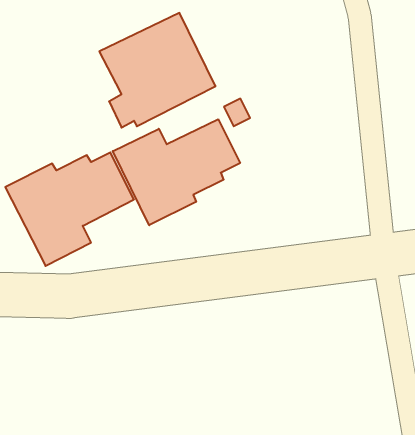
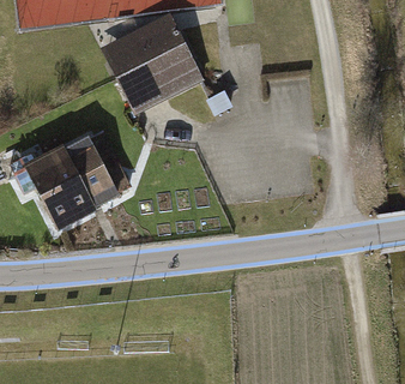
building: [113,119,240,225] -> none

